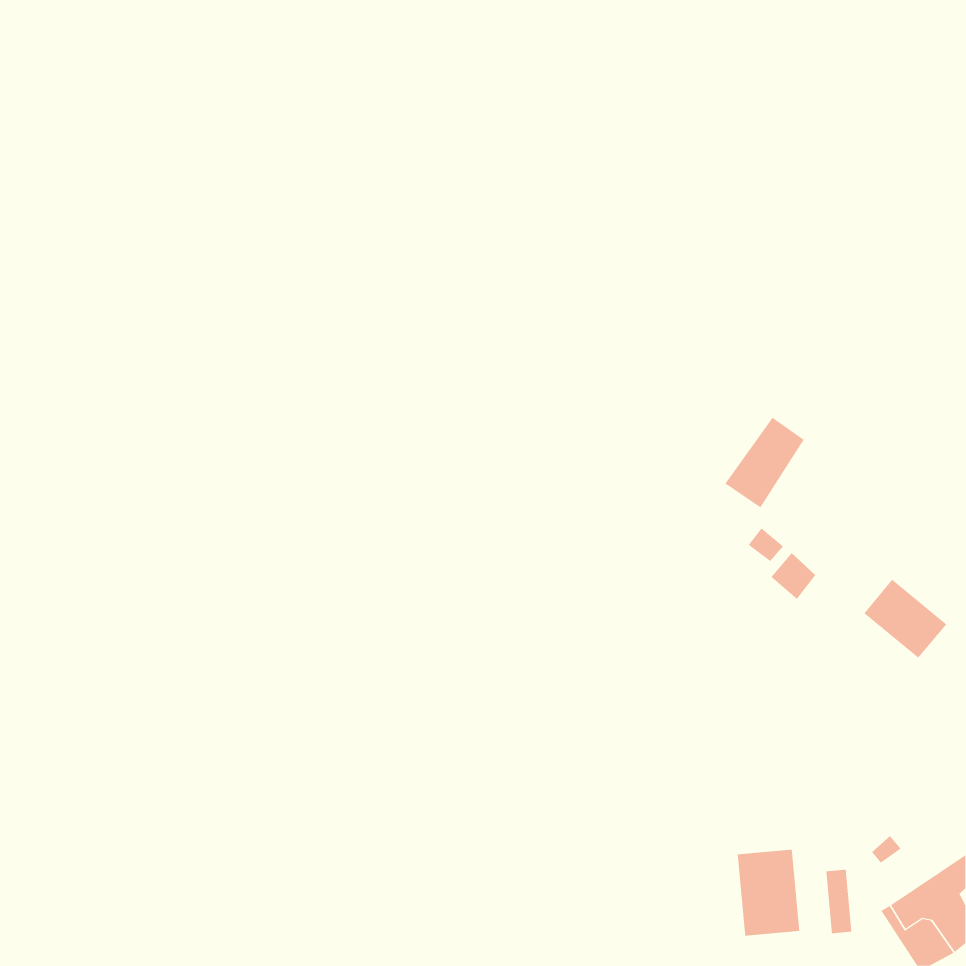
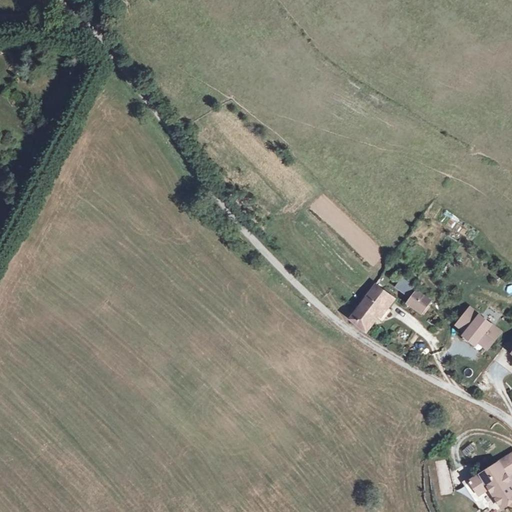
building: [725,417,804,508] -> [350,283,392,331]
building: [737,849,800,937] -> none

